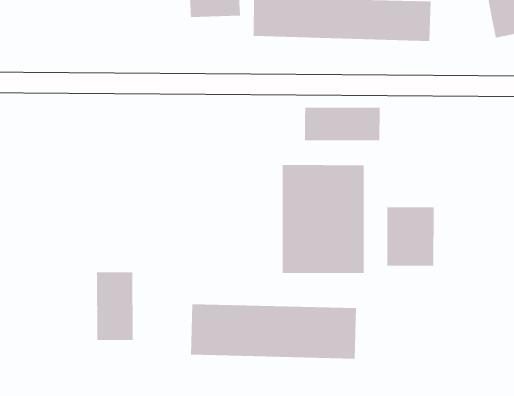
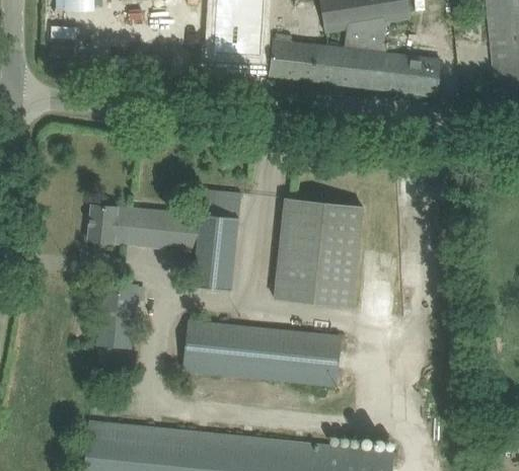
building: [304,107,380,141] -> none
building: none -> [88,189,242,293]
building: [387,207,434,266] -> none

